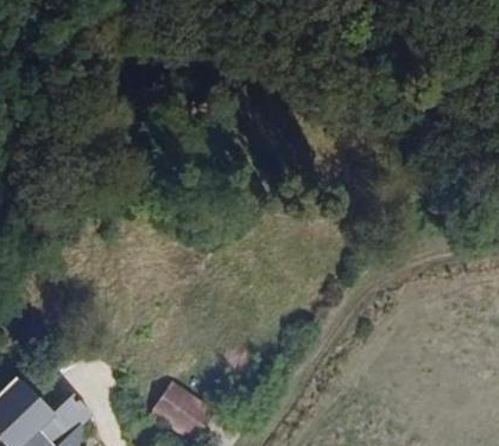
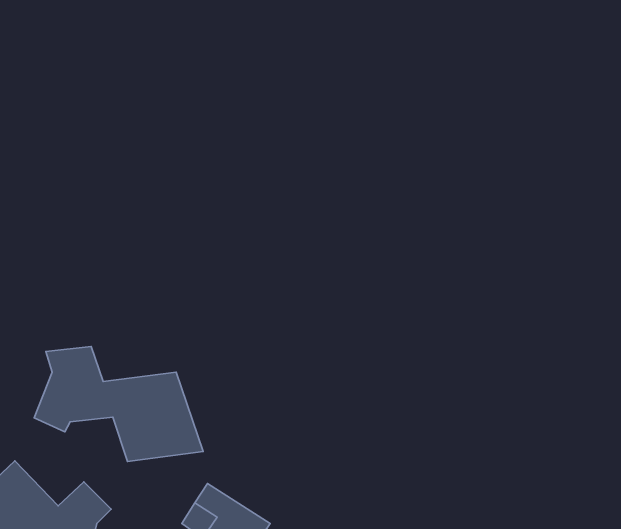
building: none -> [34,346,203,461]

